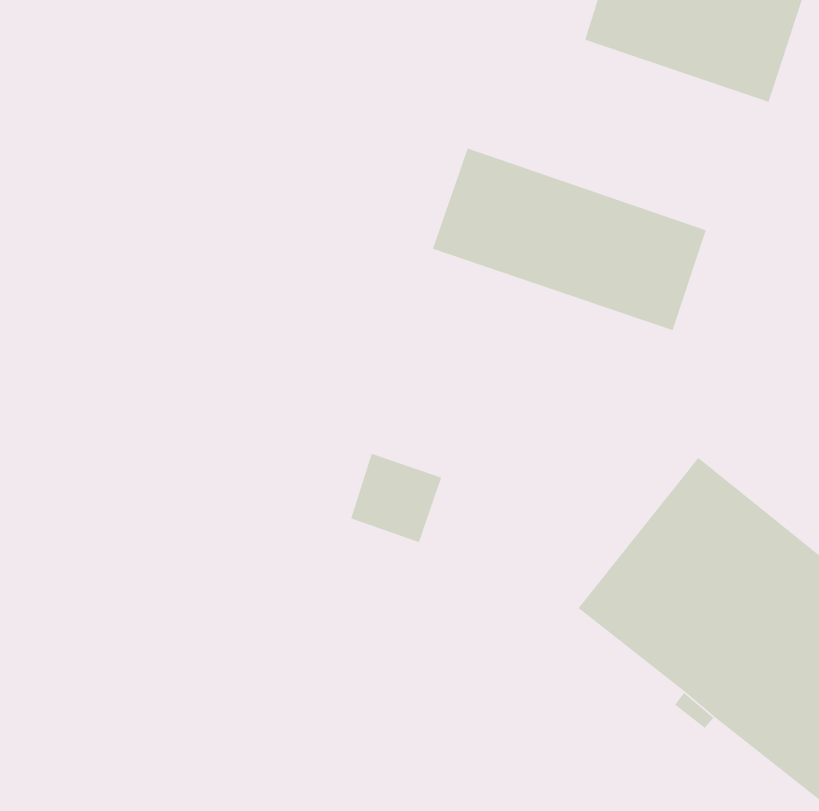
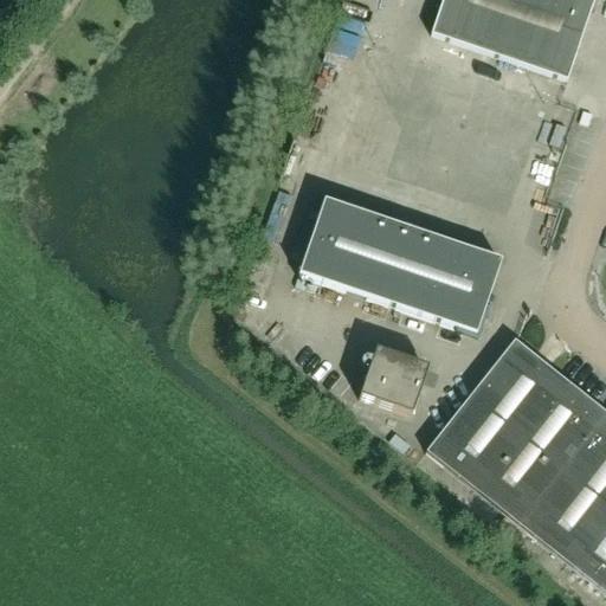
building: [432,148,707,331] -> [299,196,502,331]
building: [350,453,442,543] -> [361,346,428,412]

